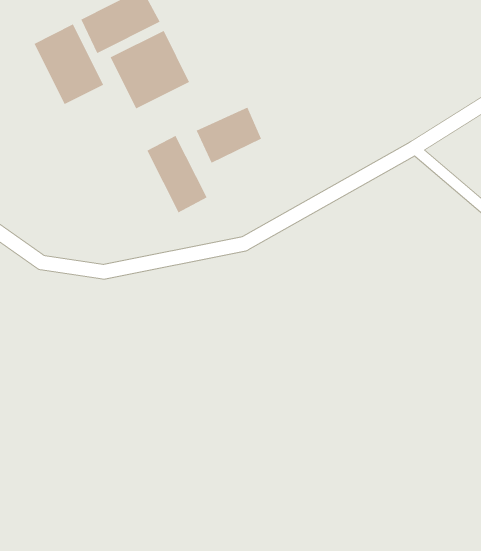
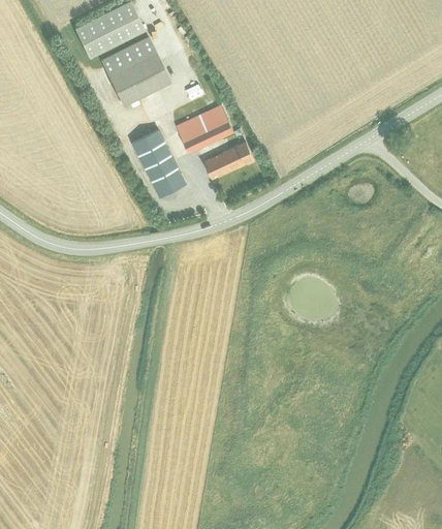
building: [34,24,104,105] -> none
building: none -> [203,142,254,179]

